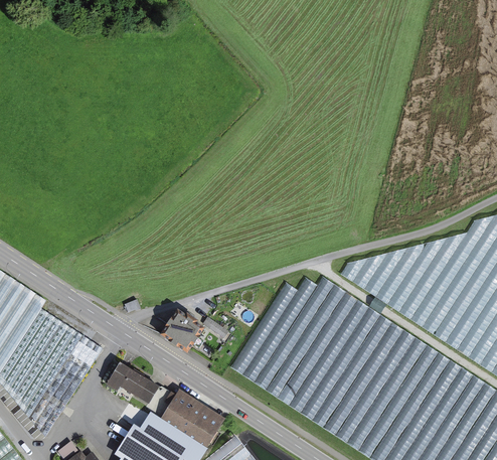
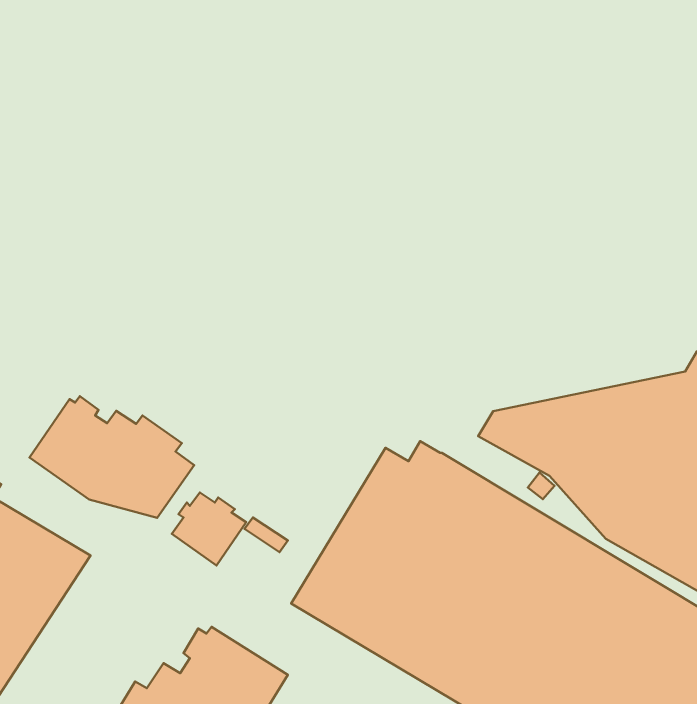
building: none -> [29,396,194,518]
building: [107,361,160,402] -> none

